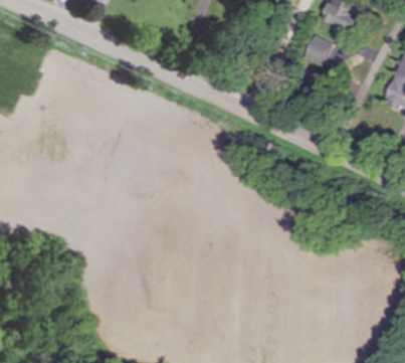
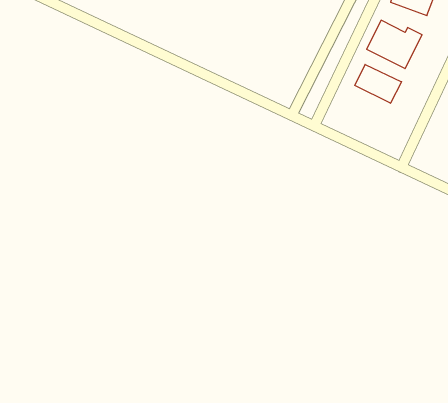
building: none -> [355,64,402,103]

